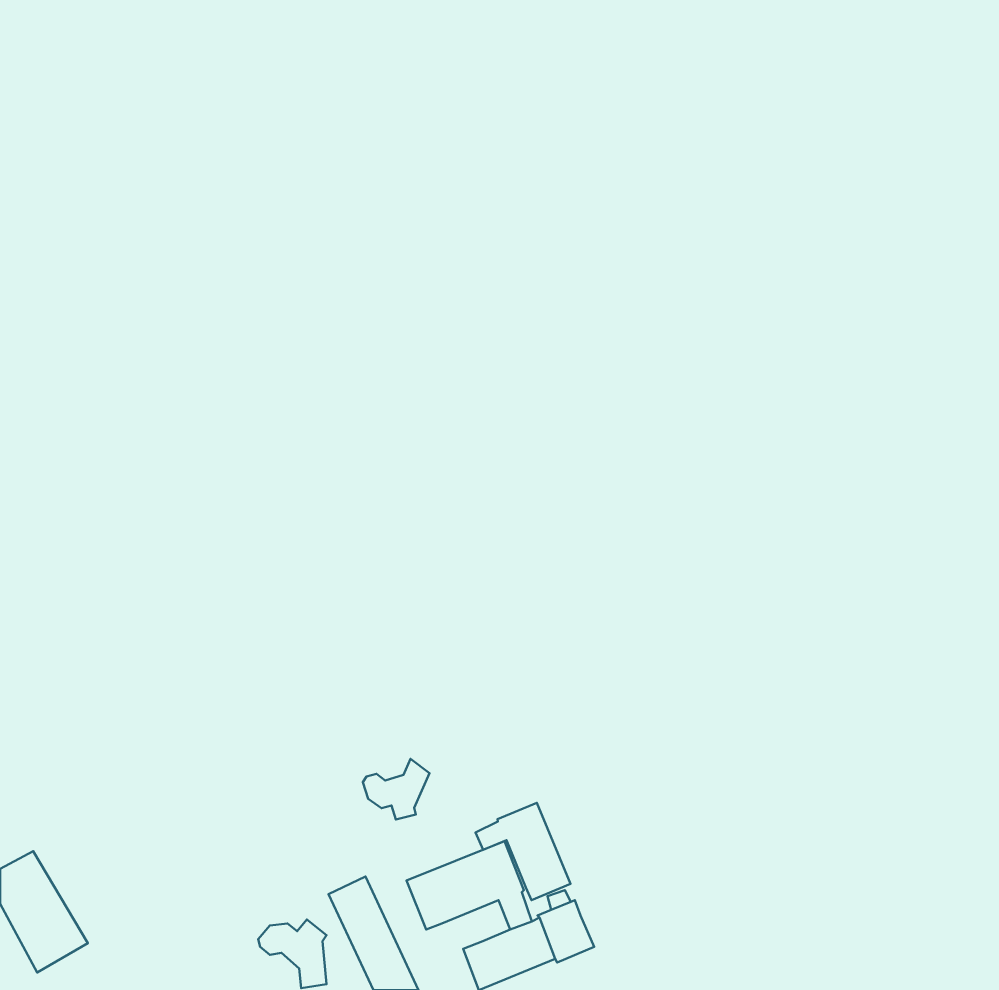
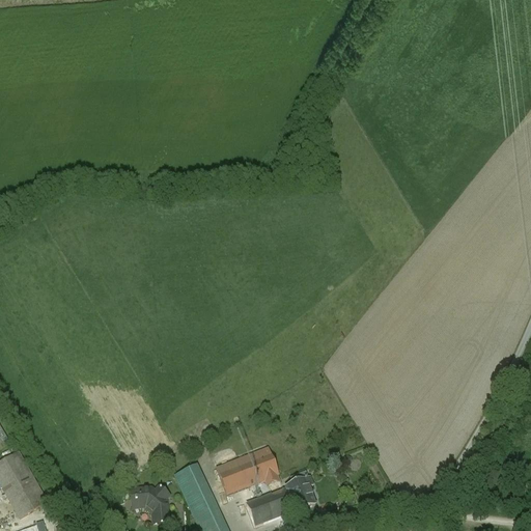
building: [363,759,429,820] -> none
building: [475,803,570,900] -> none

